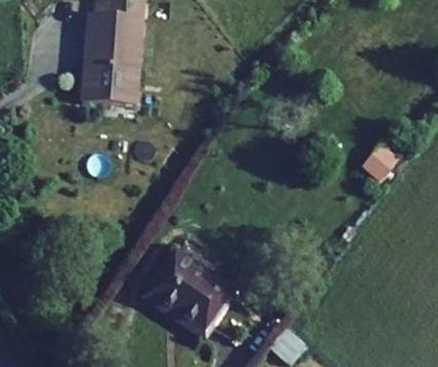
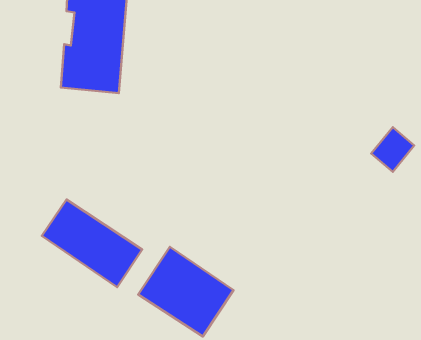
building: none -> [42,200,142,287]

